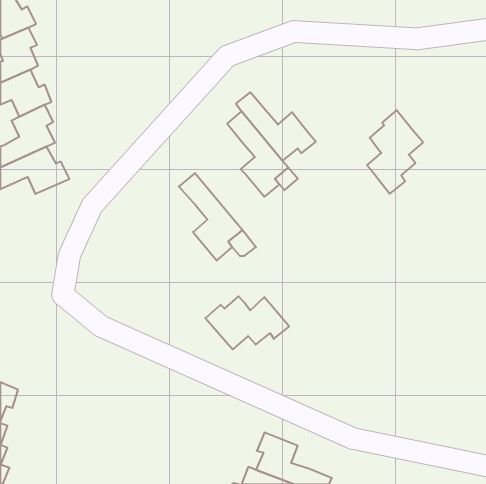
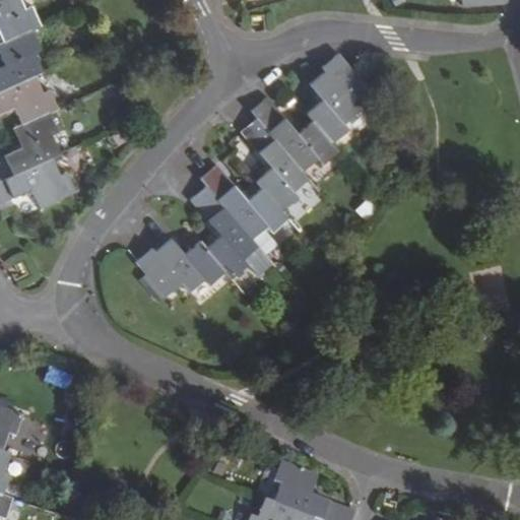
building: [367,110,423,194] -> [307,55,367,144]
building: none -> [201,164,287,239]
building: [205,296,289,349] -> [136,239,225,296]

